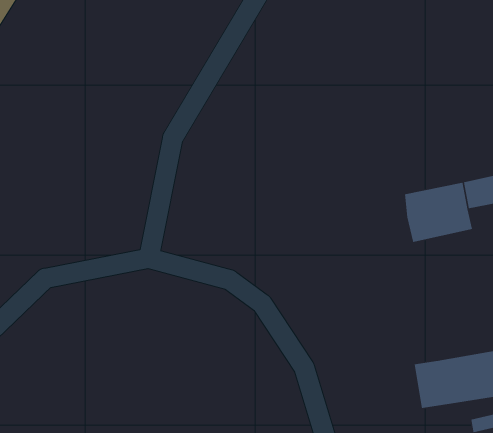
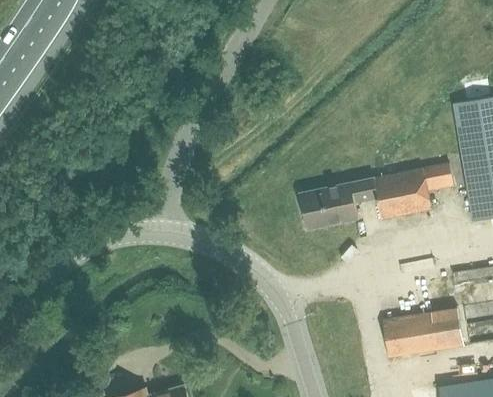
building: none -> [300,178,377,228]

